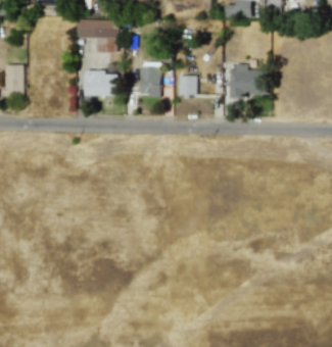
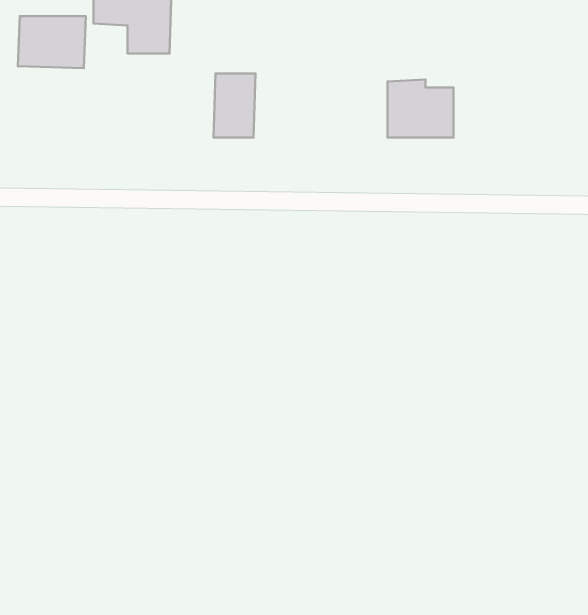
building: [83,69,117,96] -> [18,16,86,68]
building: [178,76,196,97] -> none

